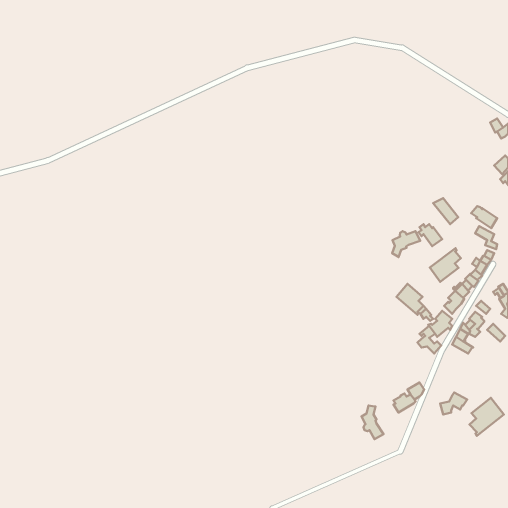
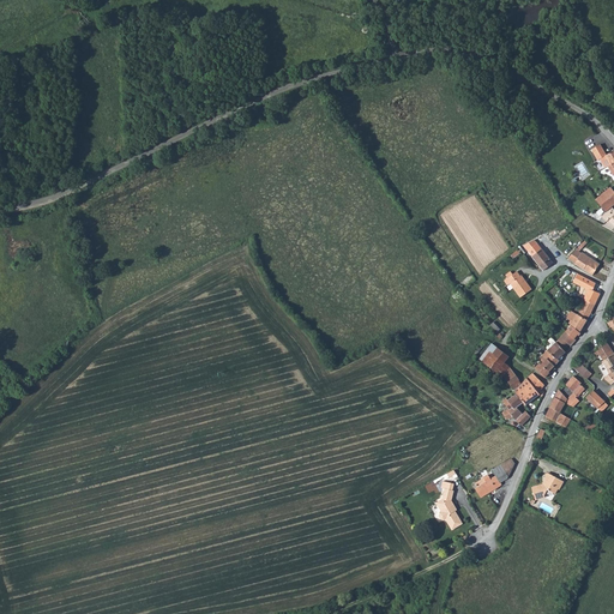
building: [392,231,420,257] -> none
building: [430,248,461,282] -> none
building: [470,398,504,436] -> none

